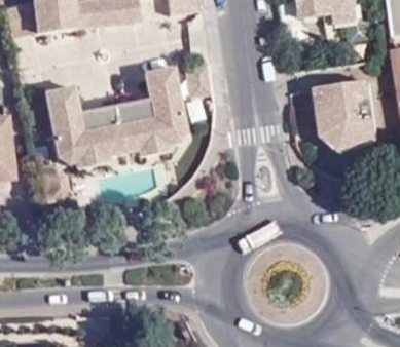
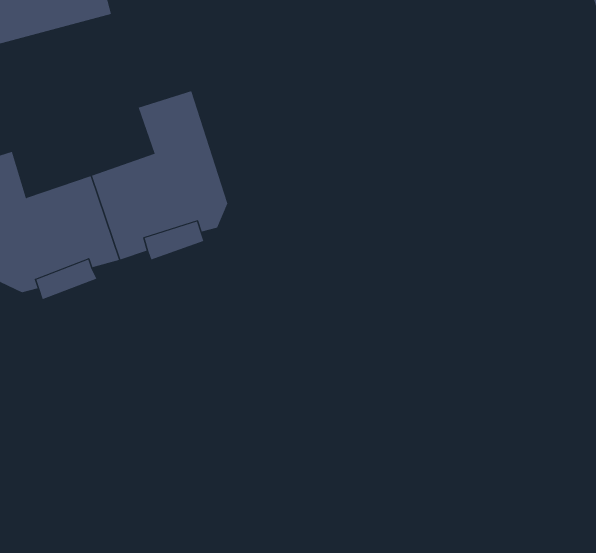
building: [315,82,376,153] -> none

